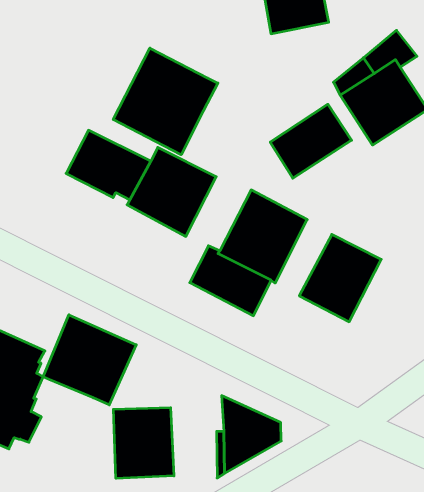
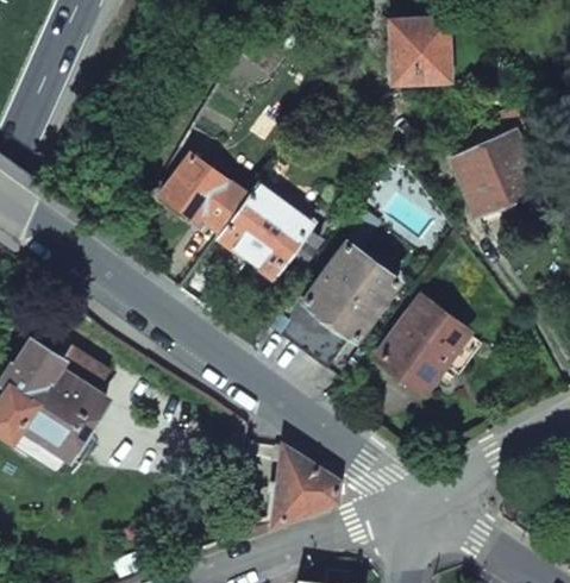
building: [113,48,218,155] -> none
building: [270,104,352,178] -> none
building: [43,315,136,405] -> none
building: [113,408,174,478] -> none

